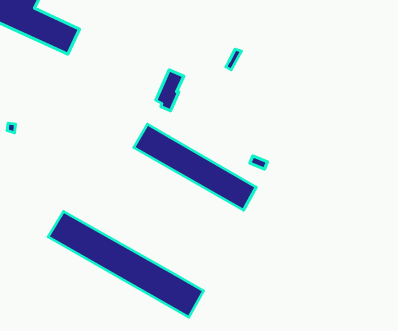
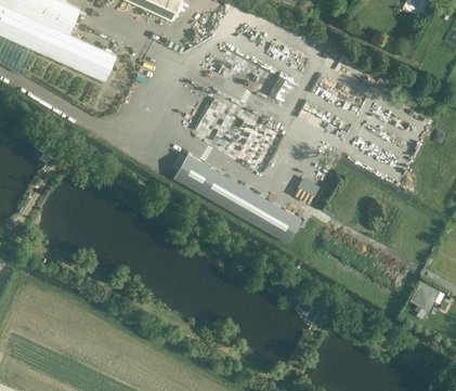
building: [48,211,203,317] -> none
building: none -> [408,281,439,310]

